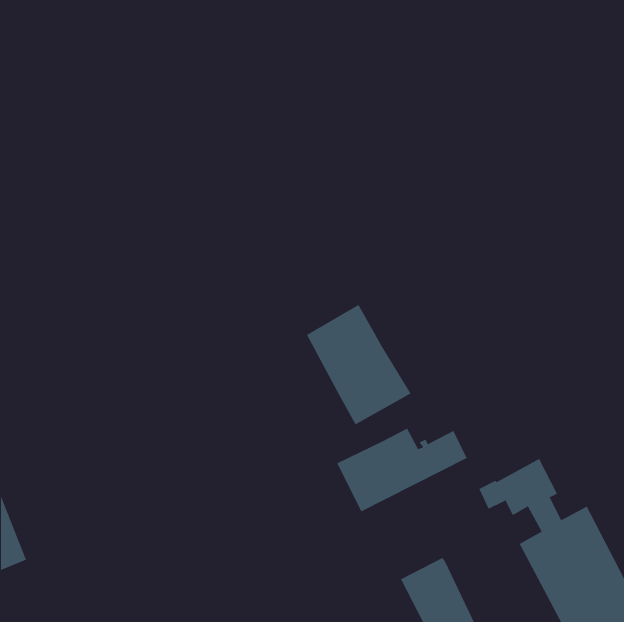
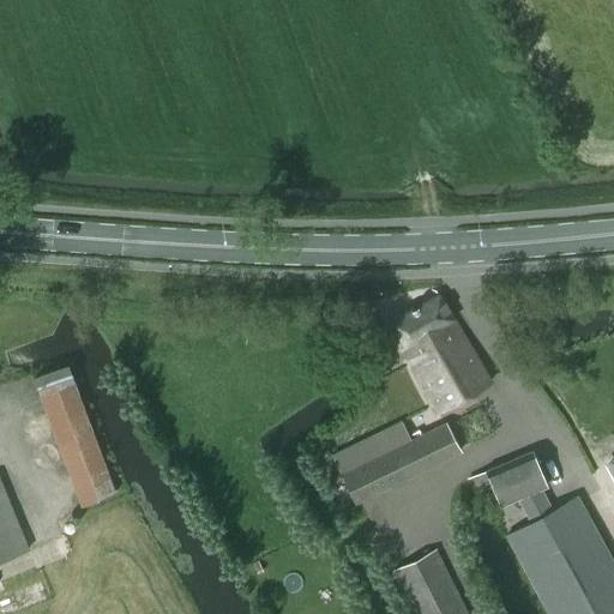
building: [306,304,412,425] -> [389,295,492,414]
building: none -> [35,368,114,506]

